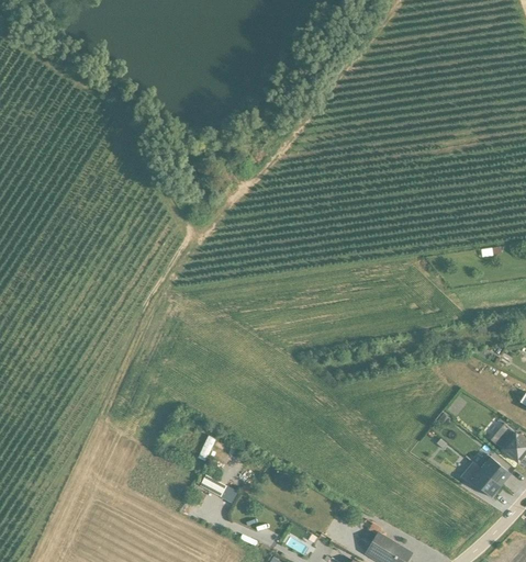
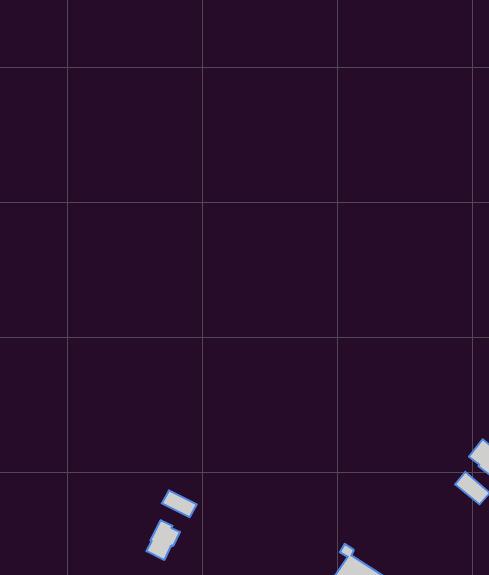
building: [460,463,500,499] -> none
building: none -> [146,520,180,560]

